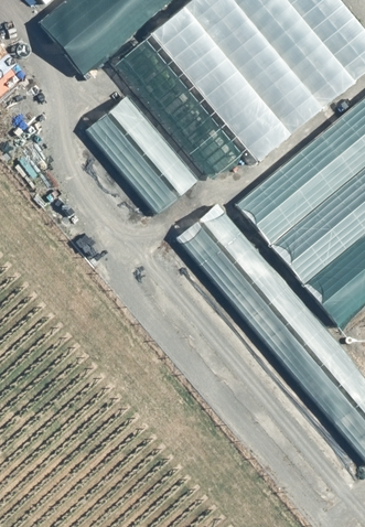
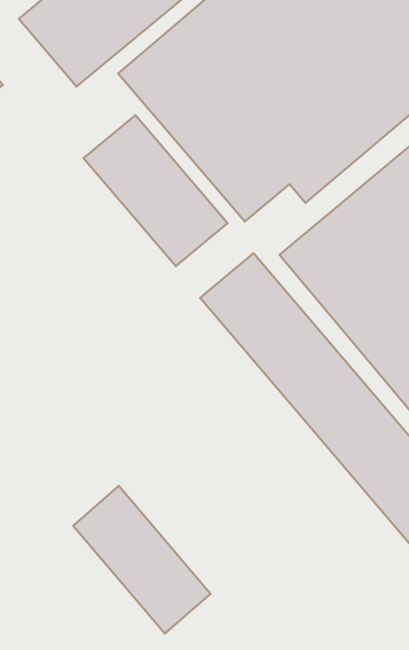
building: none -> [73,486,211,634]

